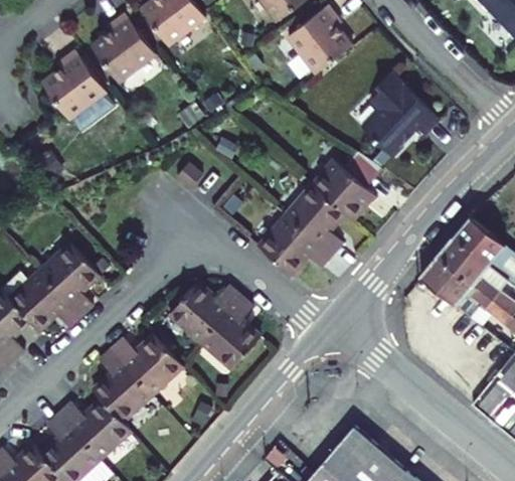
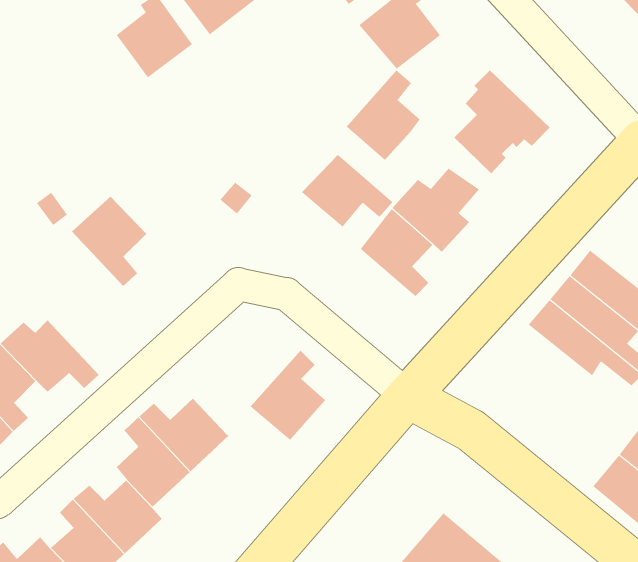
building: [42,52,104,120] -> none
building: none -> [346,69,420,161]
building: [258,216,331,275] -> [301,154,393,227]
building: [38,245,99,317] -> [71,196,147,287]
building: [169,283,239,342] -> none

